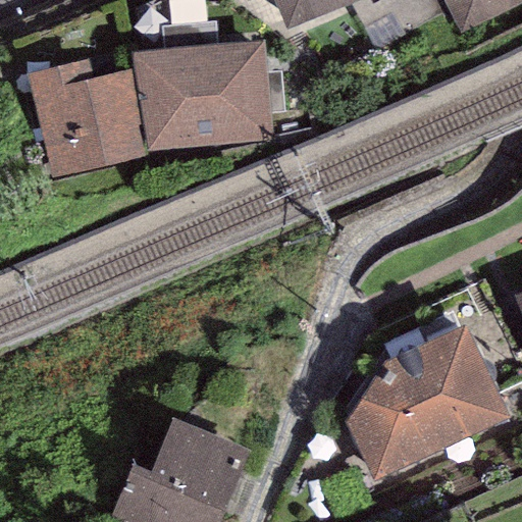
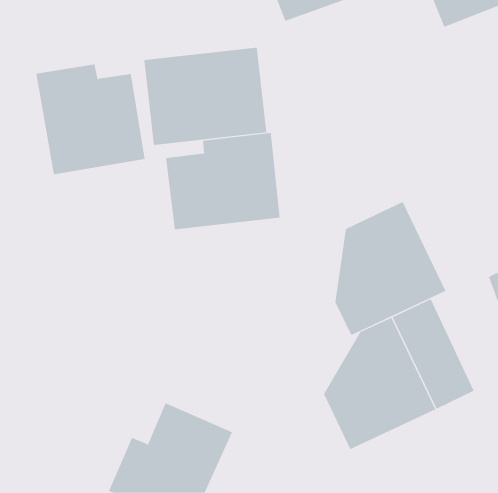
building: none -> [166,132,280,230]
building: none -> [335,201,446,336]

